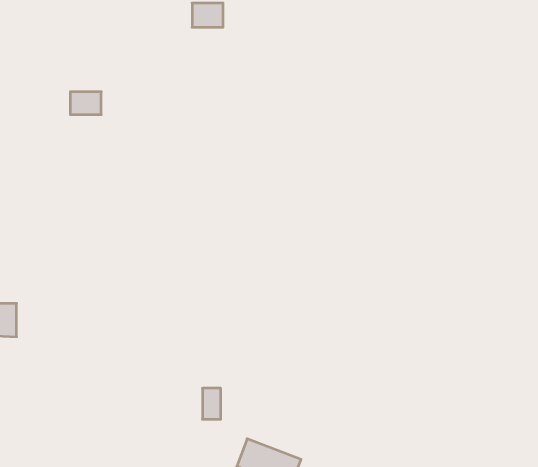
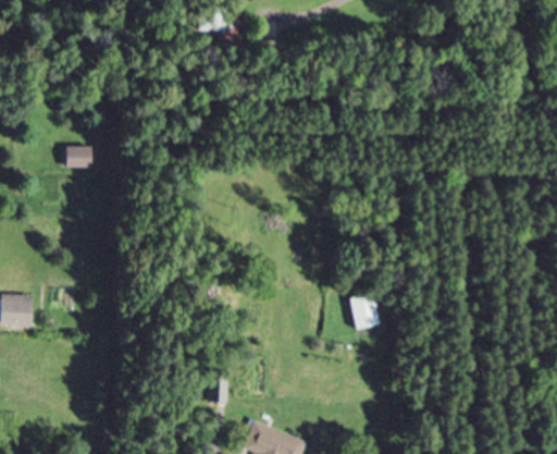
building: [70,92,101,115] -> [69,146,98,168]
building: none -> [347,293,377,330]

